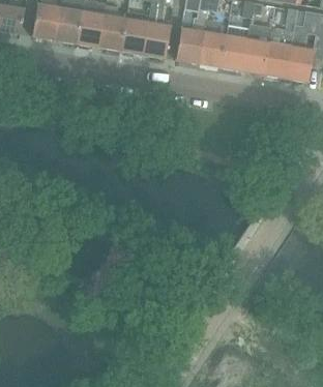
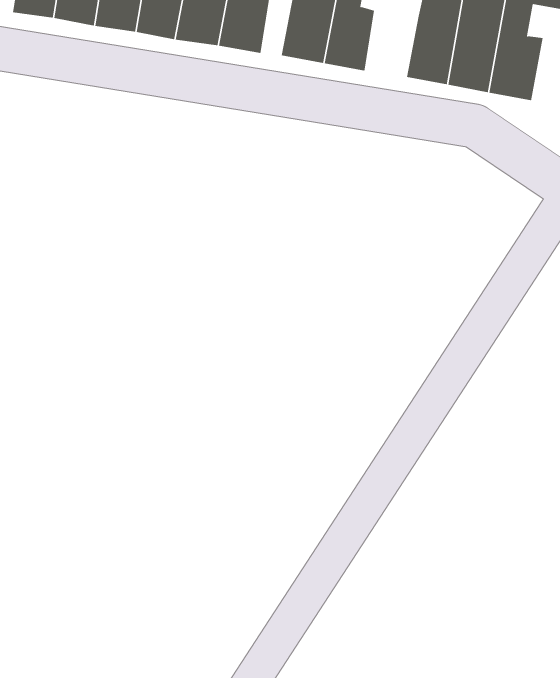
building: [219,33,247,68] -> none

